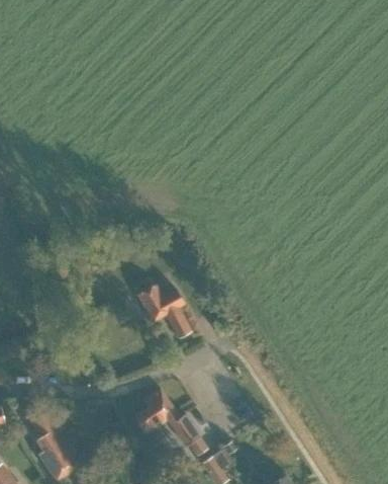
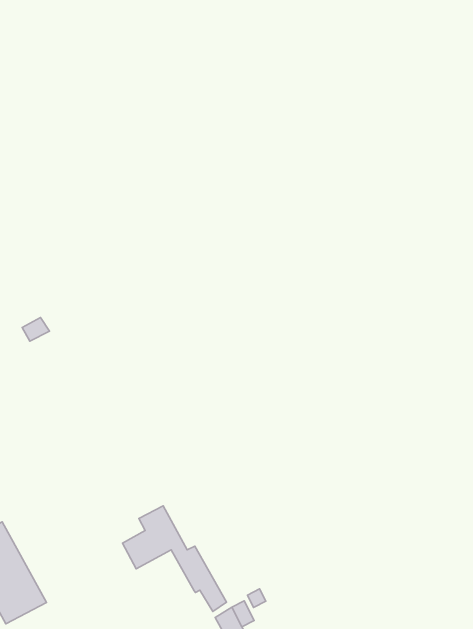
building: [136,284,190,337] -> none

